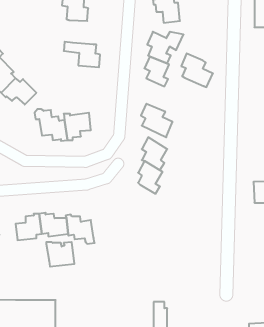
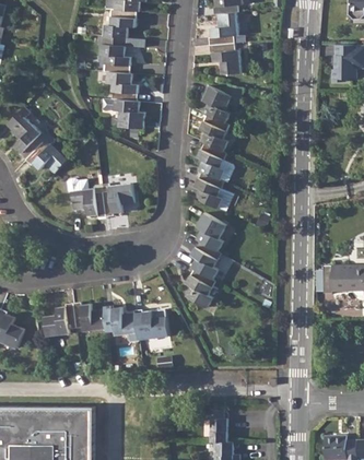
building: none -> [109,71,140,101]
building: [181,53,213,87] -> [198,142,236,182]
building: none -> [187,269,216,307]
building: [46,242,74,267] -> [136,309,169,339]

